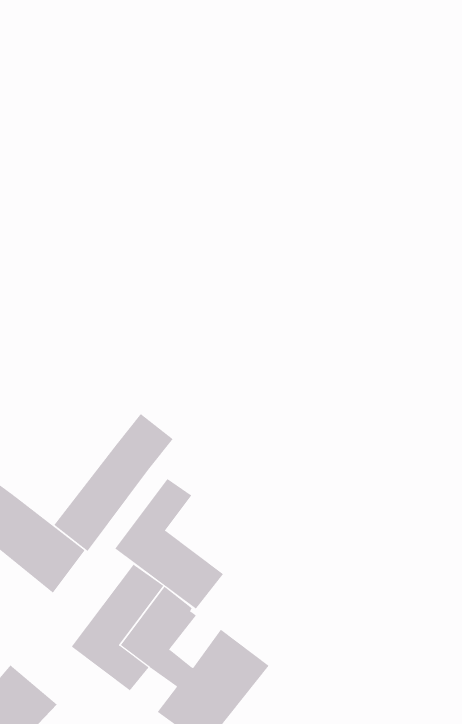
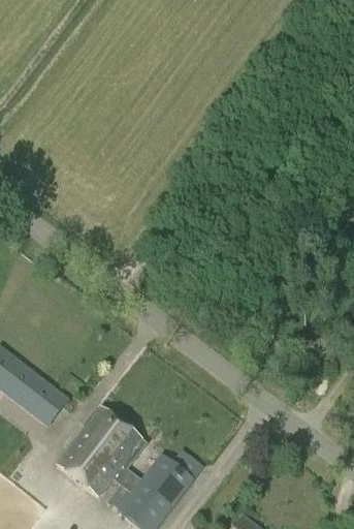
building: [54,413,173,552] -> none
building: [115,478,224,610] -> none

